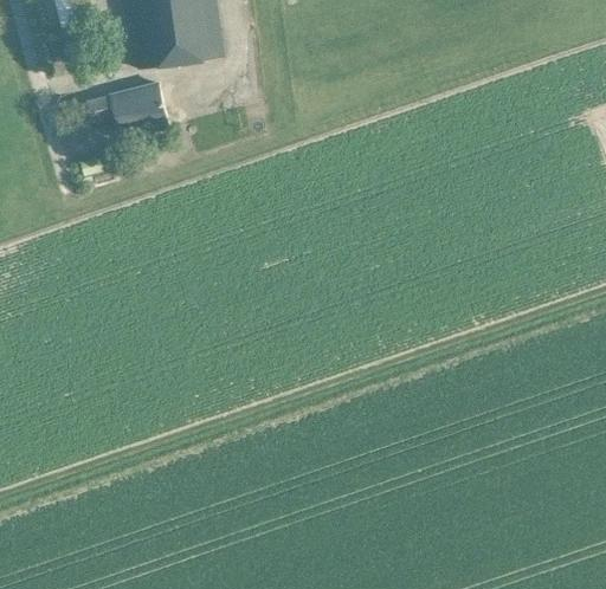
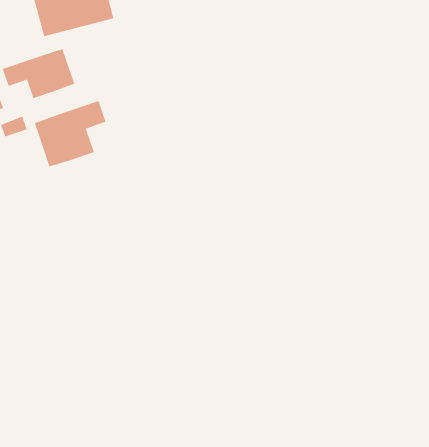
building: none -> [34,100,106,167]

